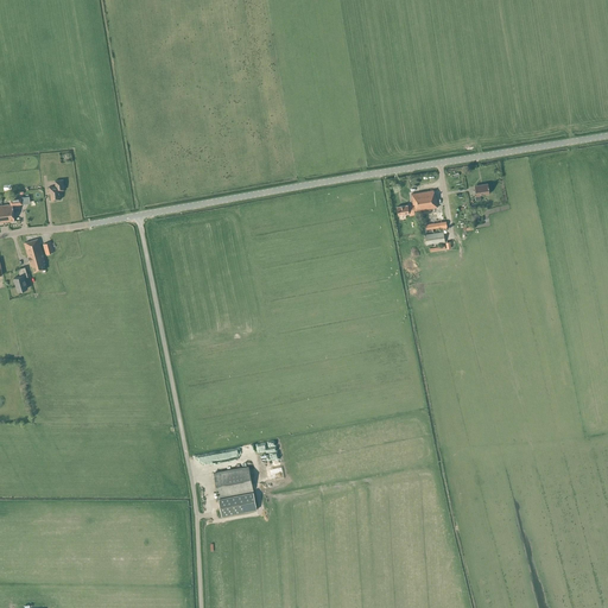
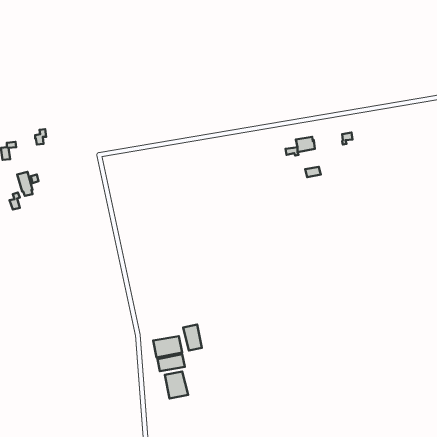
building: none -> [183,325,202,350]
building: none -> [165,371,188,399]

